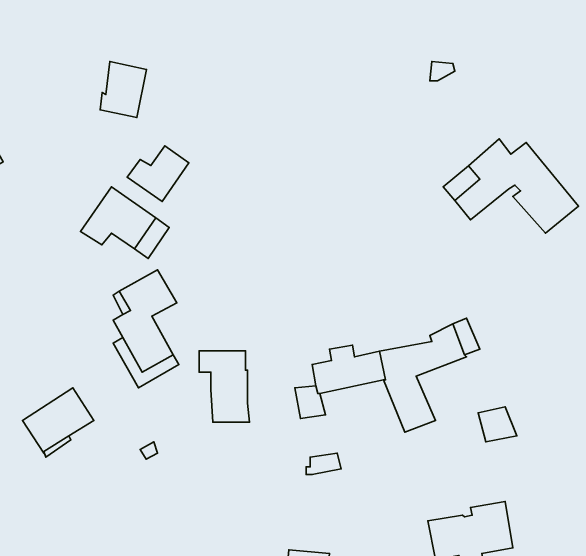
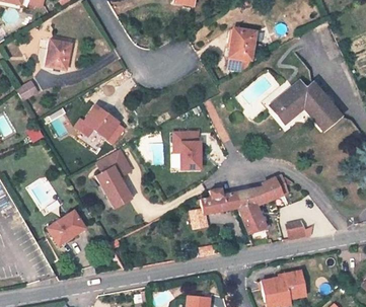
building: none -> [227,27,255,71]
building: [100,62,146,118] -> [46,40,70,69]
building: [127,146,189,201] -> none
building: [199,351,249,422] -> [173,132,200,169]

